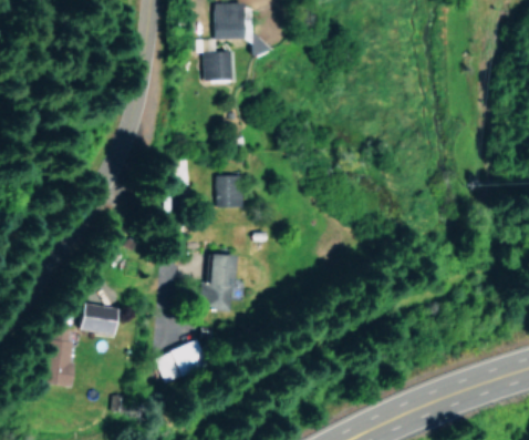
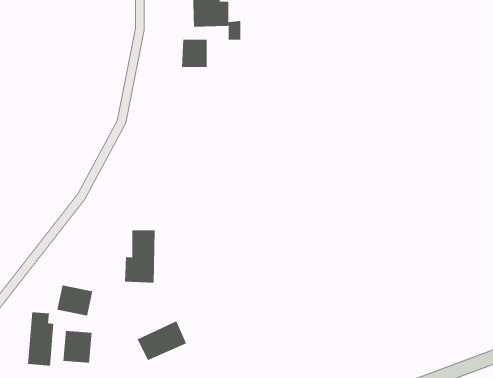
building: [217,175,241,207] -> none
building: [201,255,234,309] -> [124,230,156,283]
building: none -> [63,330,92,363]

